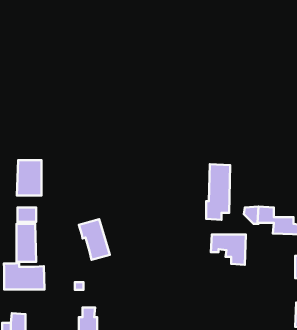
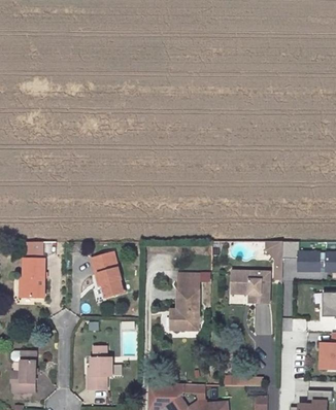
building: [17,160,41,195] -> none
building: [206,164,230,220] -> [174,273,200,332]
building: [4,263,45,289] -> none

